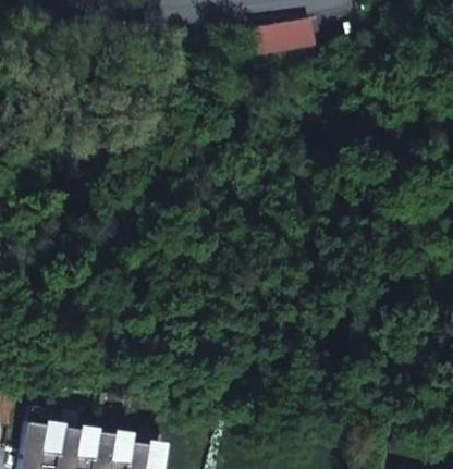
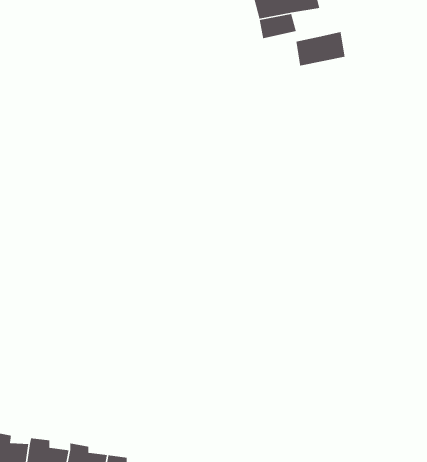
building: none -> [296,31,345,66]

